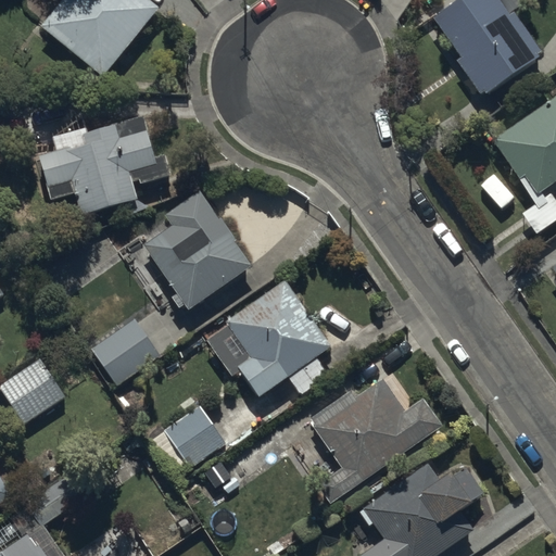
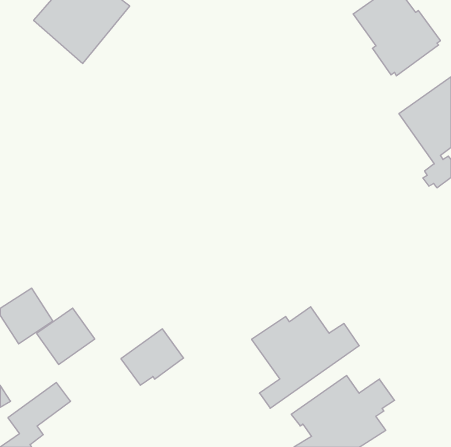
building: [38,116,172,215] -> none
building: [134,190,251,309] -> none
building: [206,274,332,396] -> none
building: [90,316,162,386] -> [37,308,95,364]

